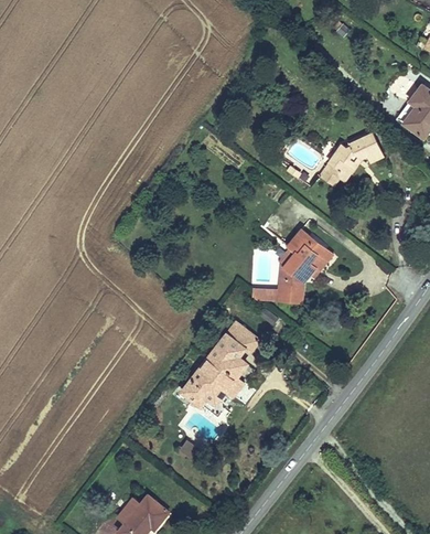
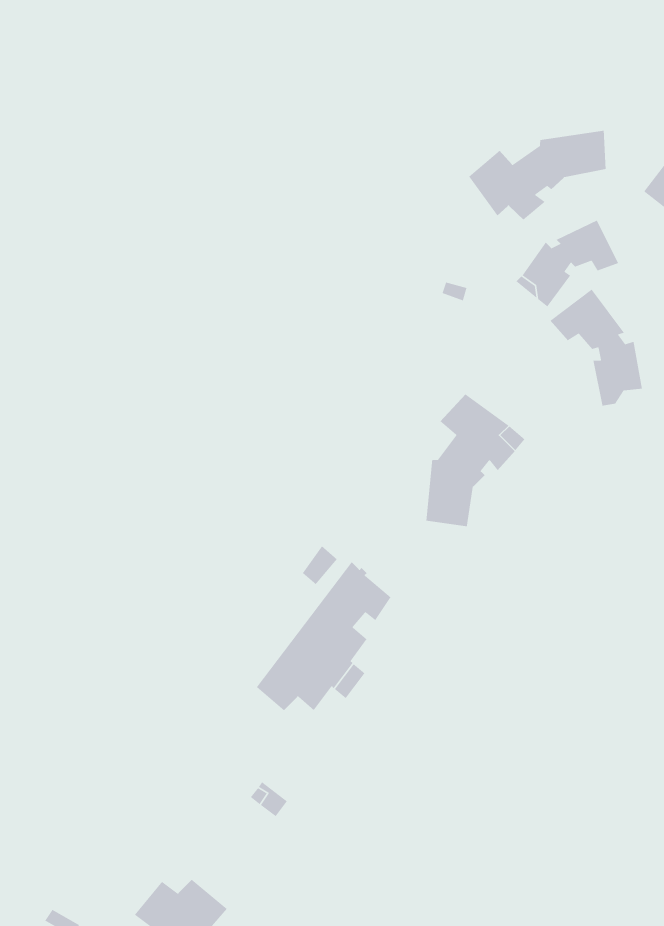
building: none -> [468,130,607,221]
building: none -> [549,289,643,407]

